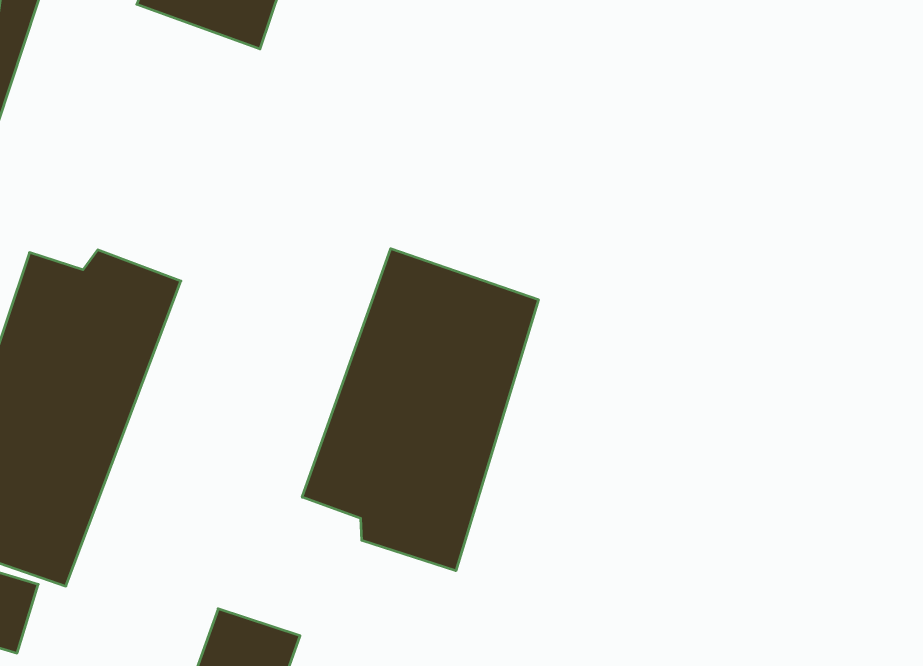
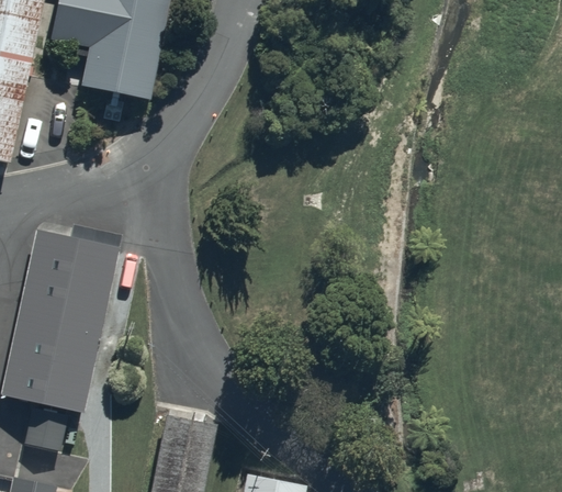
building: [302,249,538,571] -> none

